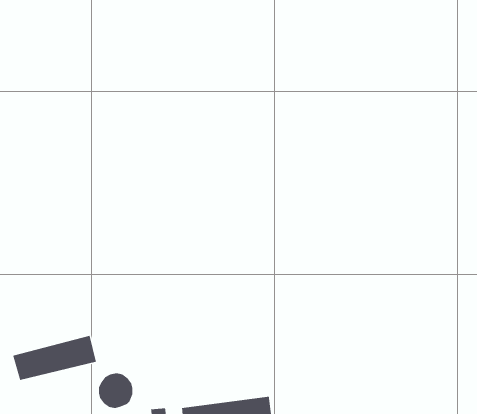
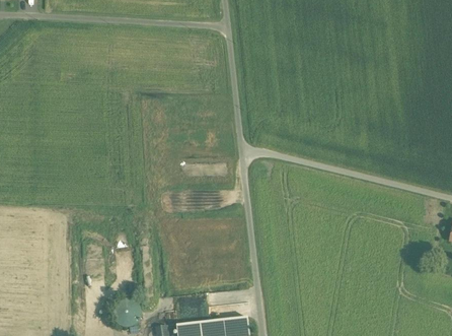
building: [12,335,97,381] -> none

